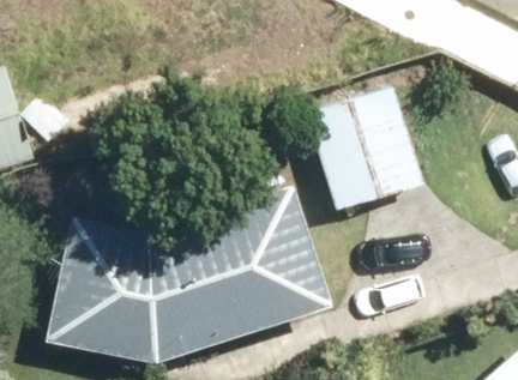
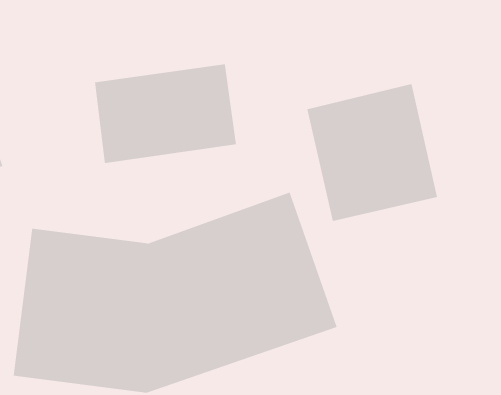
building: none -> [95,63,236,164]

